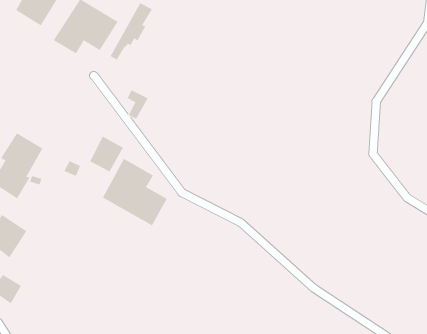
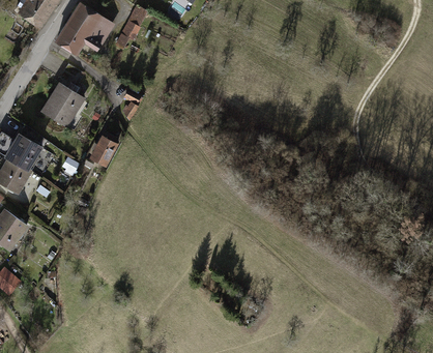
building: none -> [40,82,86,128]
building: [102,158,167,226] -> none

